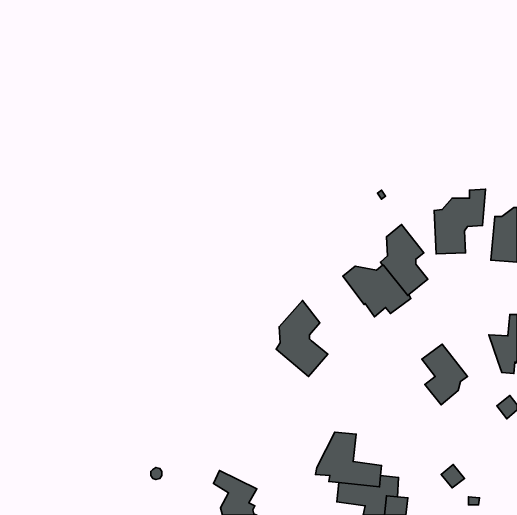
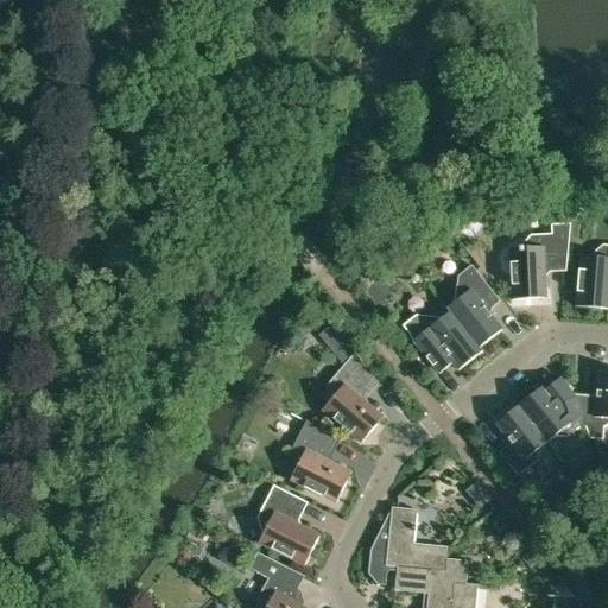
building: none -> [519,375,584,442]
building: none -> [290,419,353,502]
building: none -> [258,484,321,564]

